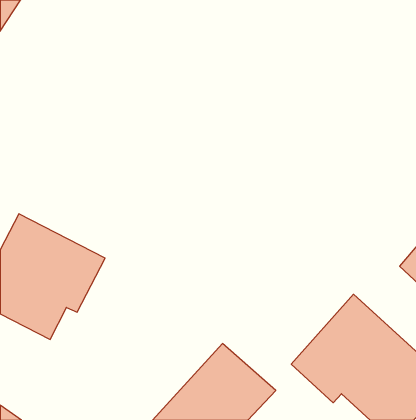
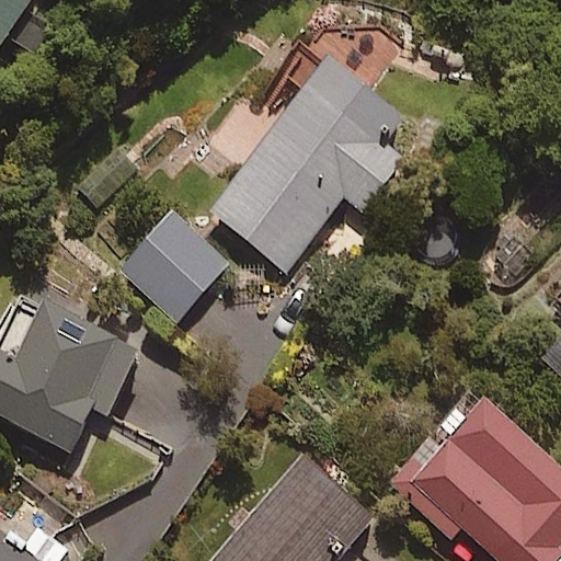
building: none -> [210,57,403,271]
building: none -> [119,211,228,320]

